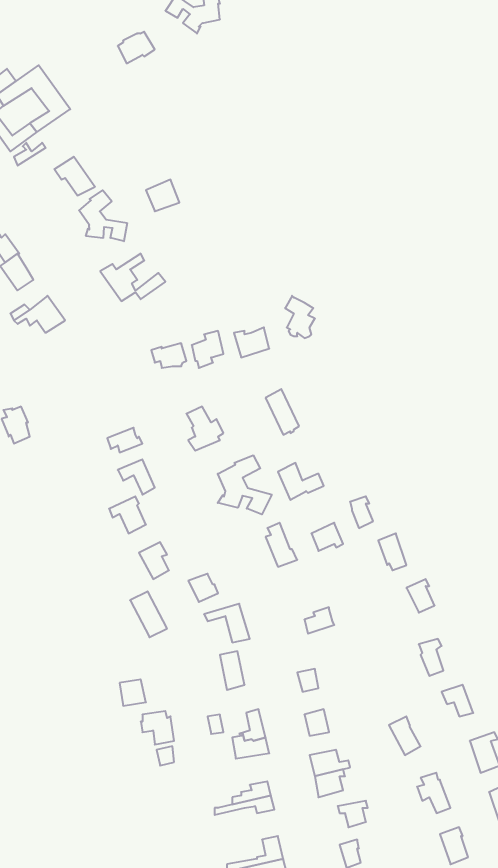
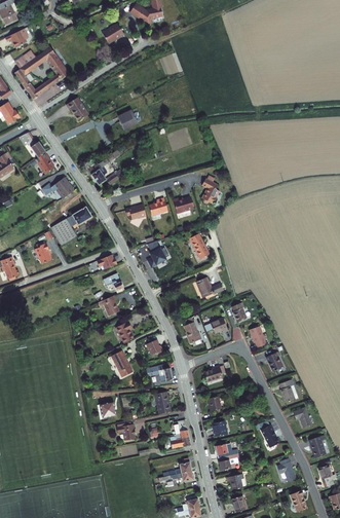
building: [79,190,127,241] -> none
building: none -> [49,209,90,244]
building: [218,455,272,514] -> none

